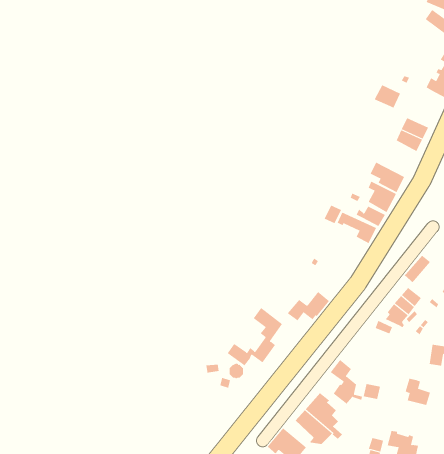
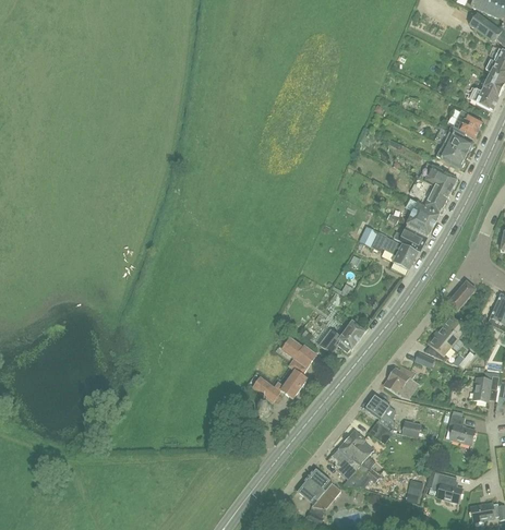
building: [374,85,401,109] -> [453,110,482,136]
building: none -> [416,162,456,195]
building: none -> [384,365,416,394]

